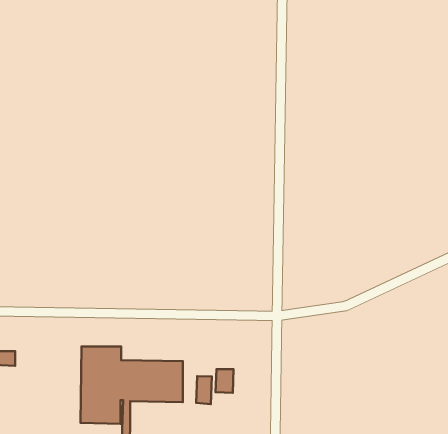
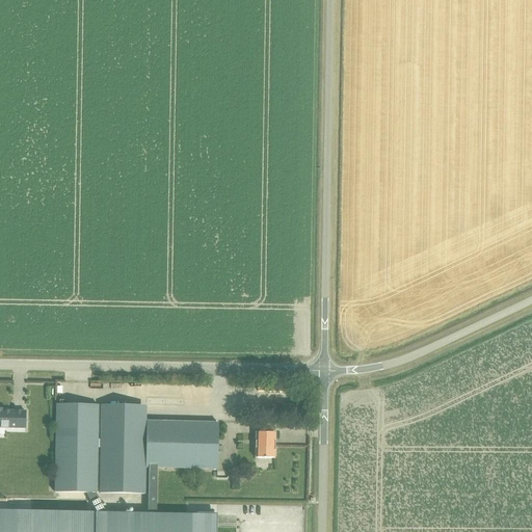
building: none -> [55,403,99,491]
building: [196,376,212,404] -> none

